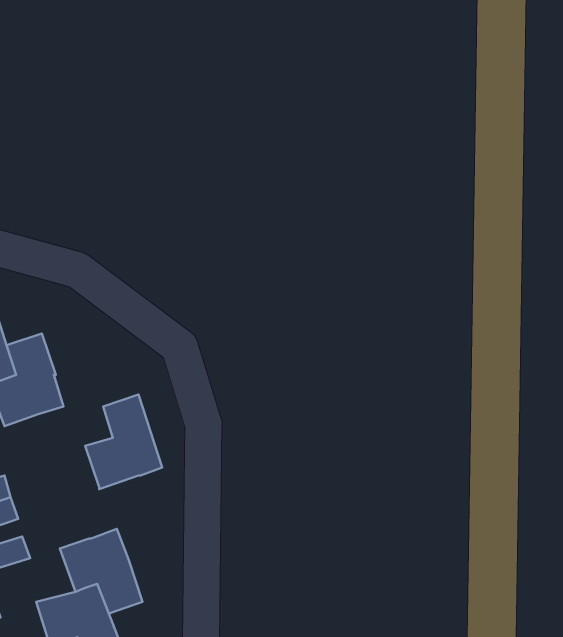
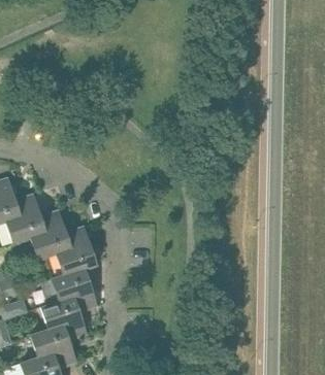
building: none -> [31,209,70,259]
building: none -> [51,268,97,312]

